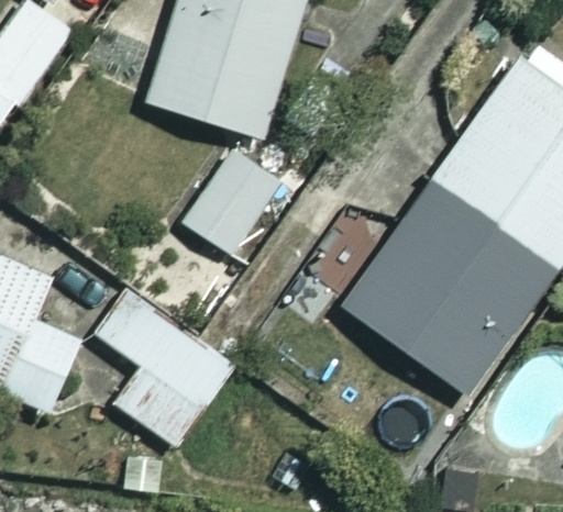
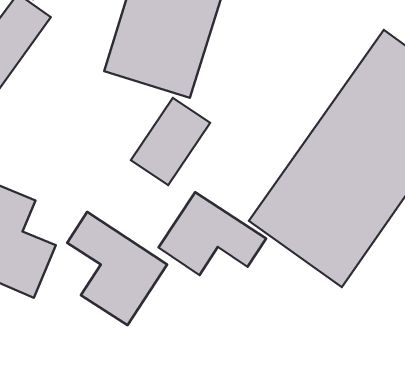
building: none -> [159,192,266,275]

